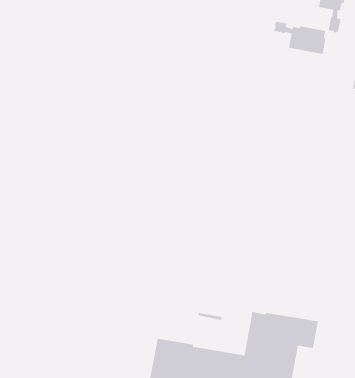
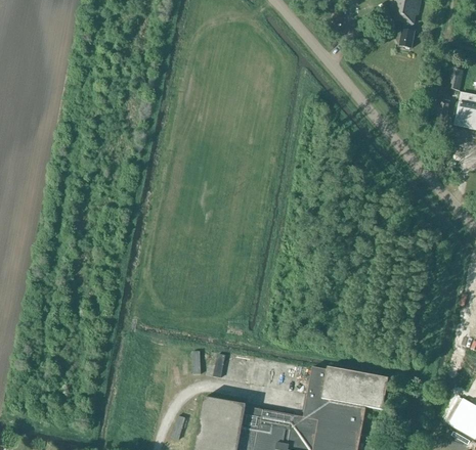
building: [273,21,326,55] -> none

